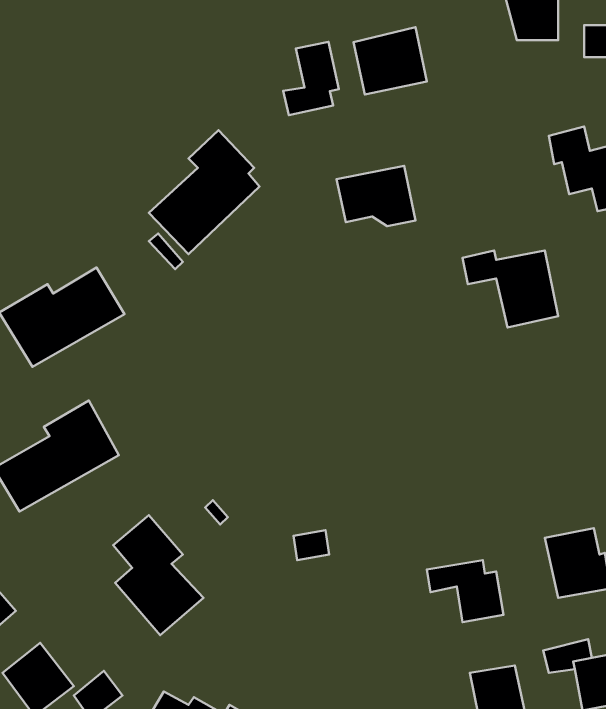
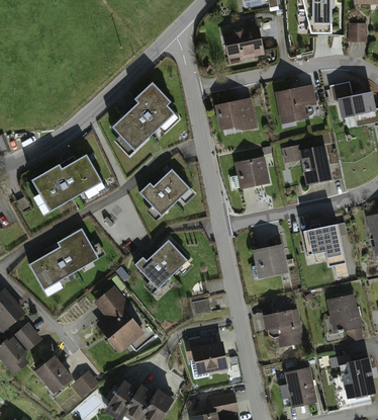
building: [283,42,339,115] -> none
building: none -> [276,85,315,123]
building: none -> [234,157,270,189]
building: none -> [139,168,187,211]
building: none -> [312,223,354,276]
building: none -> [134,238,185,284]
building: none -> [253,244,288,277]
building: none -> [184,335,228,373]

